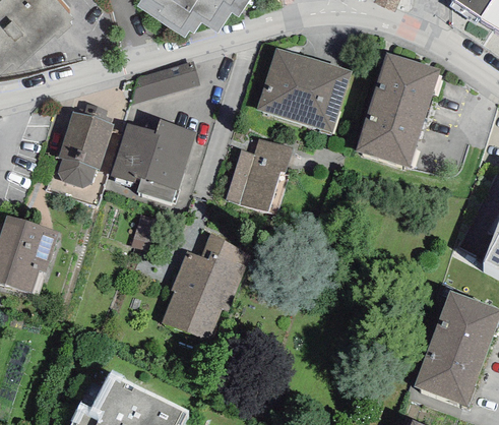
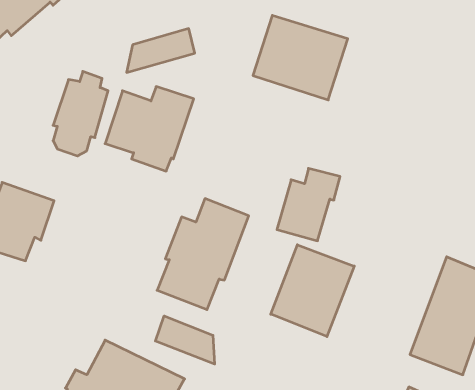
building: [355,53,437,168] -> none
building: [227,140,290,212] -> [277,168,340,241]
building: none -> [271,245,354,337]
building: none -> [155,316,215,364]

